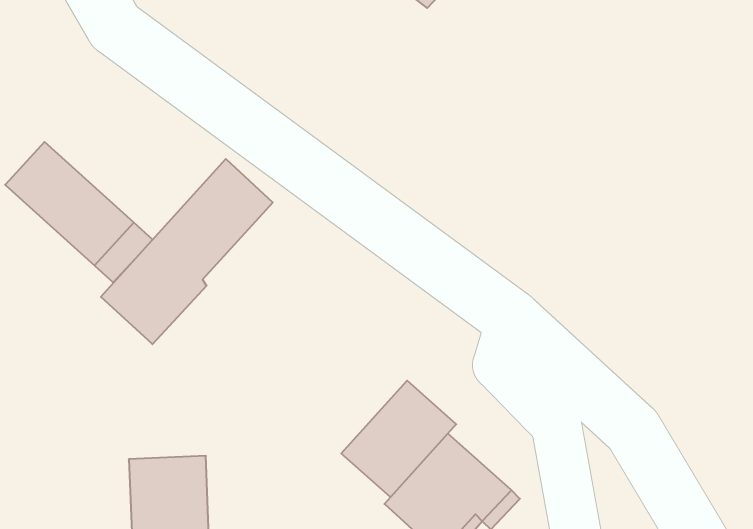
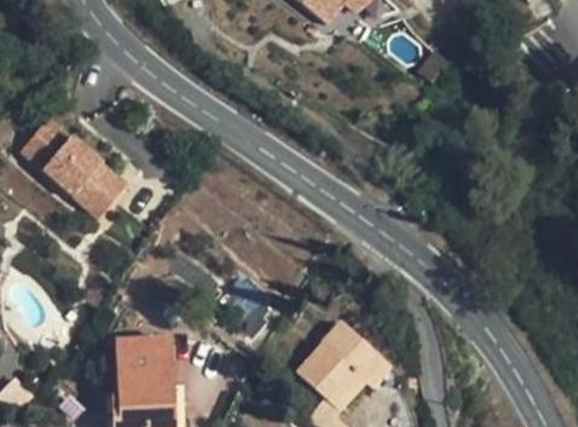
building: [101,159,273,344] -> none
building: [341,381,456,497] -> none

